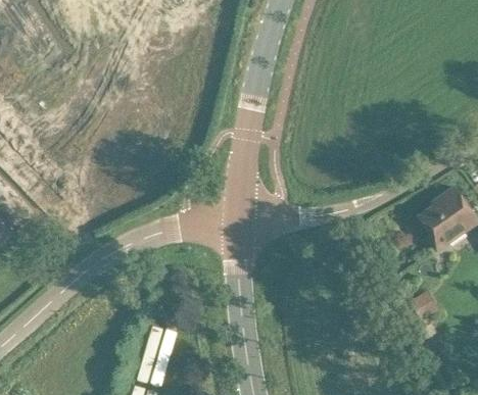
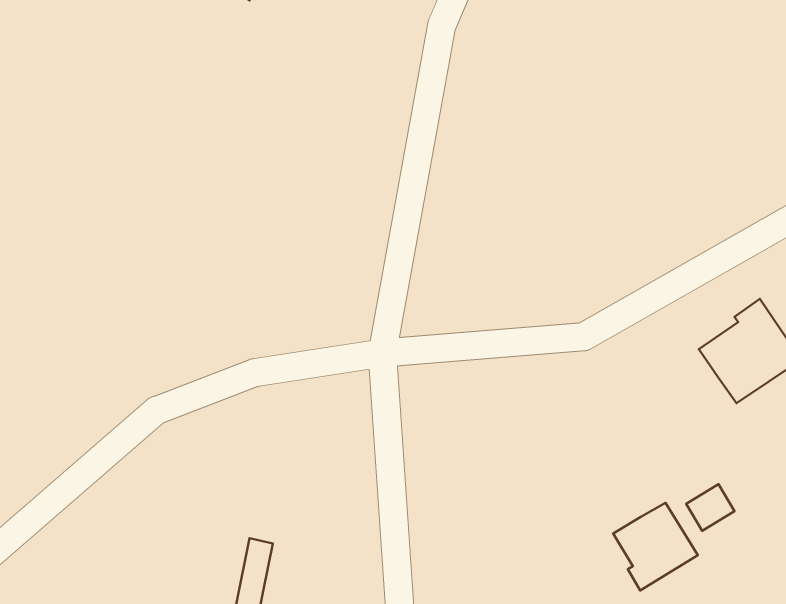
building: none -> [613,503,698,591]

